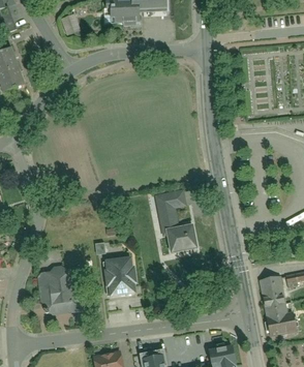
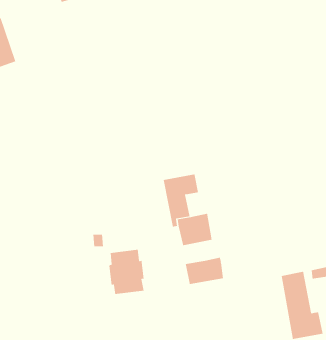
building: none -> [185,257,223,285]
building: [38,264,84,314] -> none

